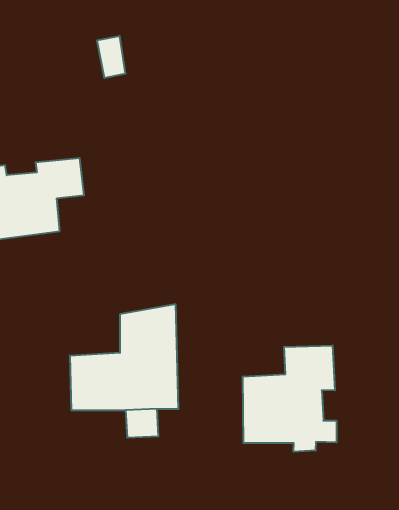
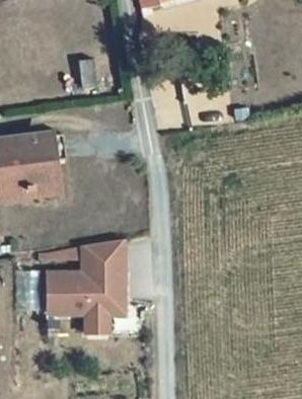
building: [243,345,337,452] -> none

